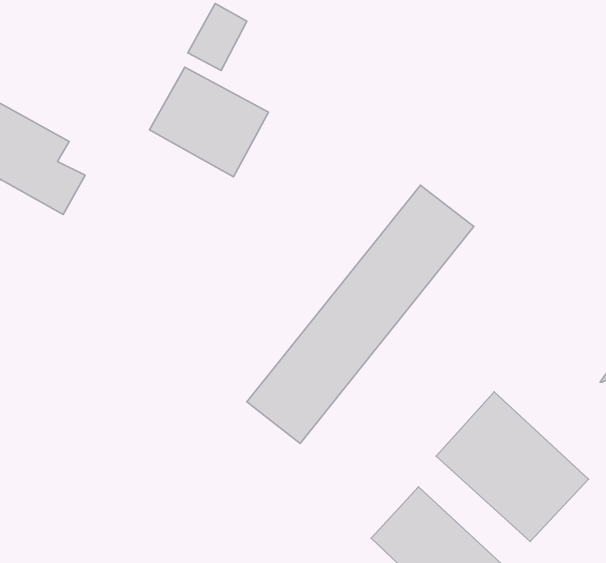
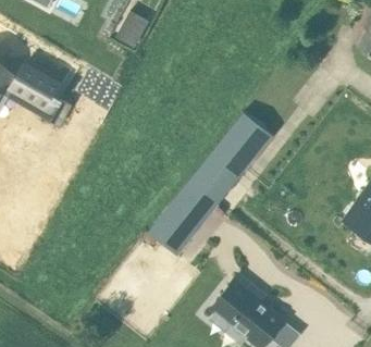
building: [149,67,268,177] -> none
building: [436,392,588,541] -> none

